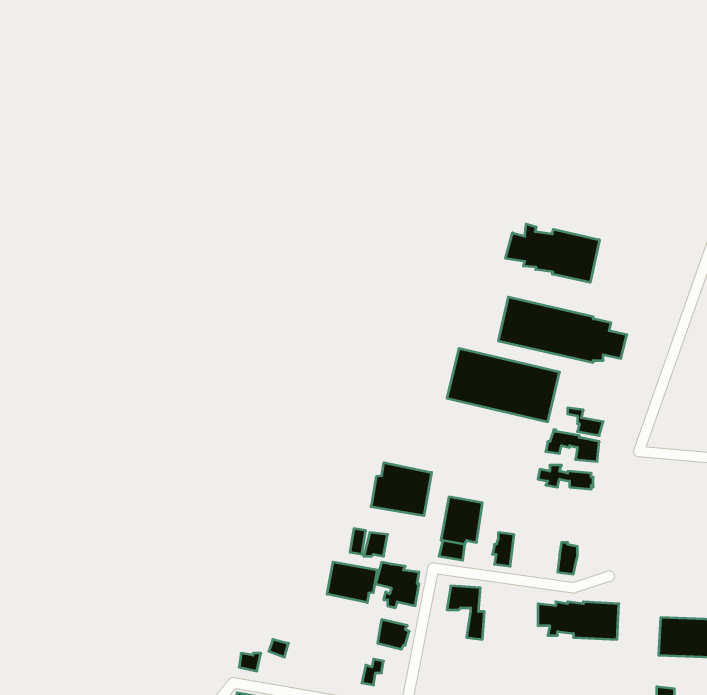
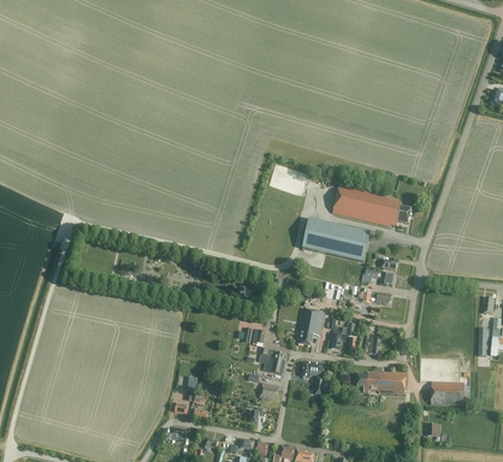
building: [506,224,599,282] -> none
building: [371,463,432,516] -> none
building: [327,562,378,603] -> none

